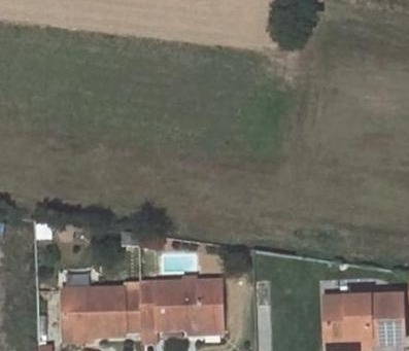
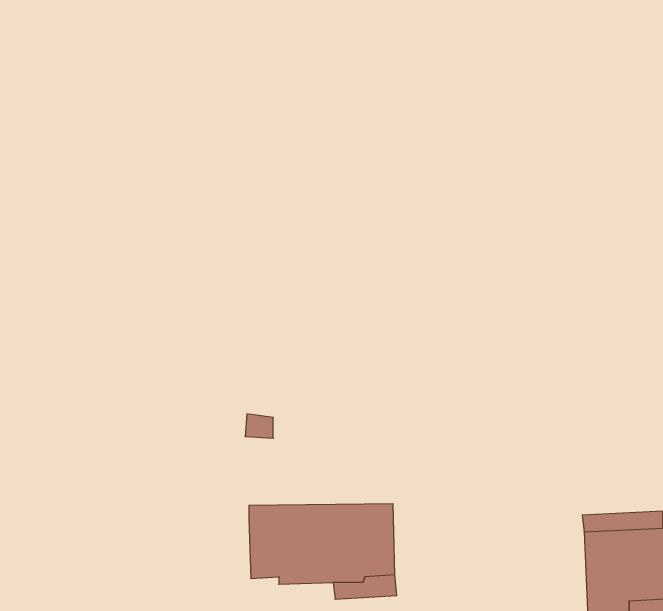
building: [63,287,141,334] -> none

